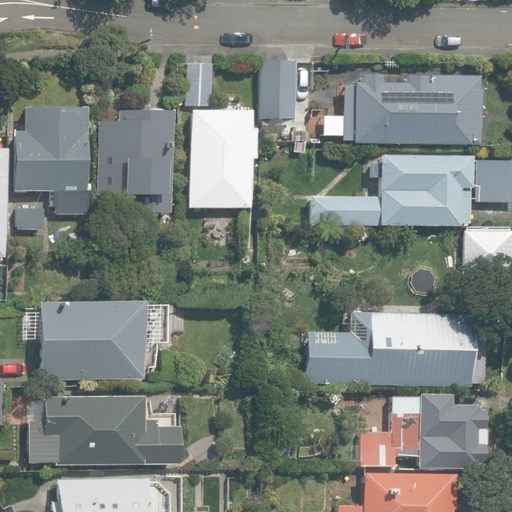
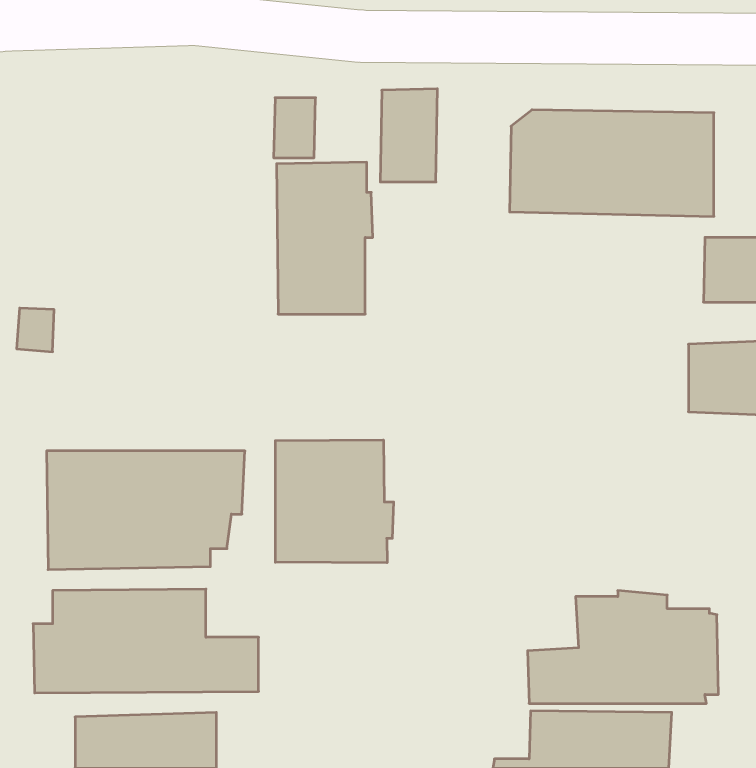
building: [12,101,92,210] -> none
building: [102,111,174,209] -> none
building: [310,157,471,227] -> none
building: none -> [275,440,394,563]
building: [306,315,486,387] -> none

